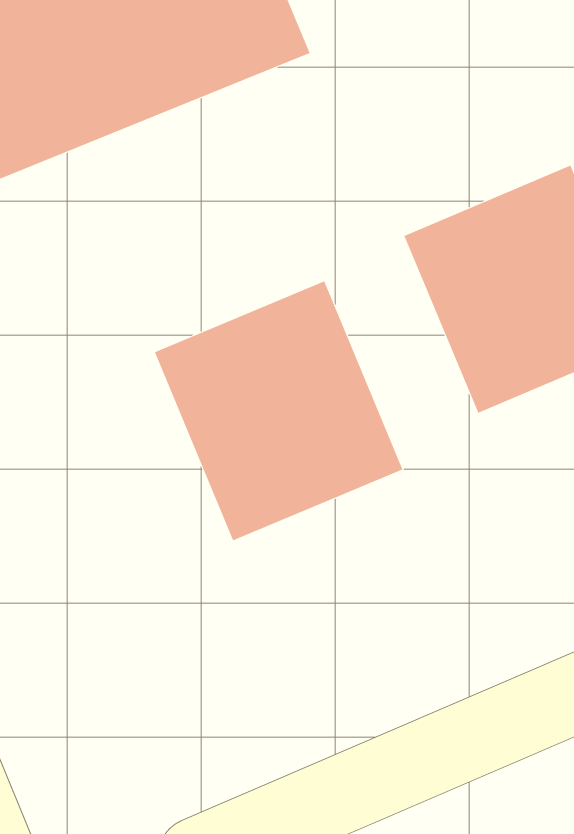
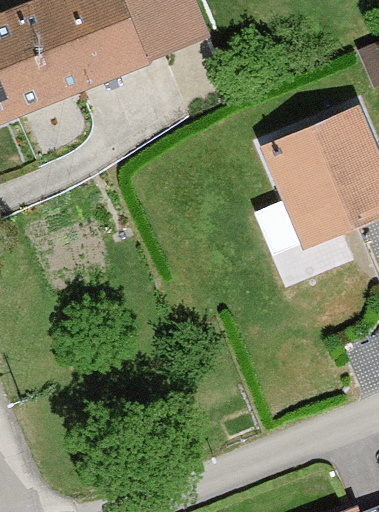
building: [154,281,403,541] -> none

